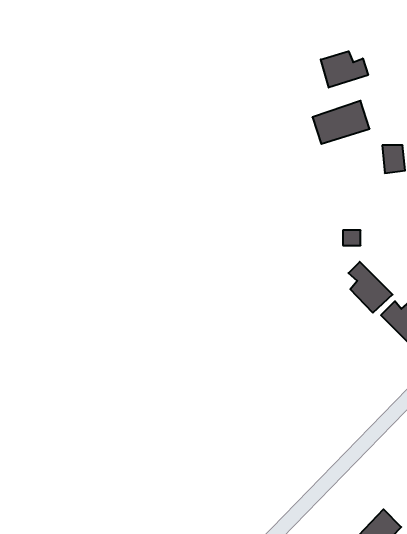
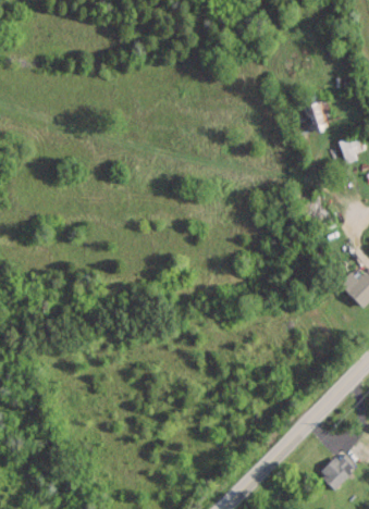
building: [321,51,368,88] -> none
building: [348,262,393,313] -> none

